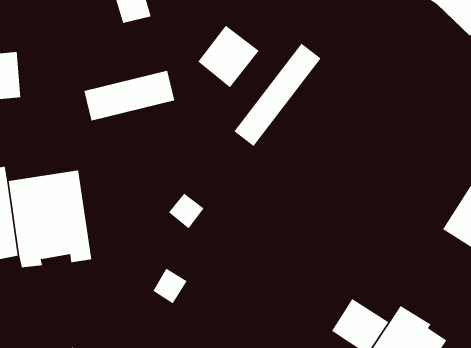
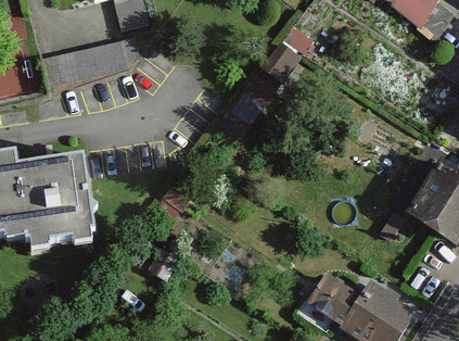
building: [198,25,259,88] -> none
building: [83,70,175,121] -> [43,39,126,85]

